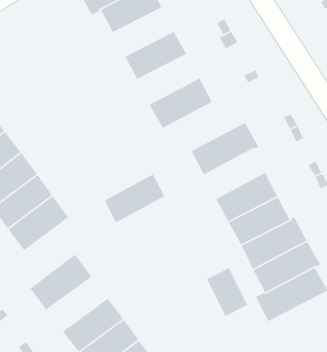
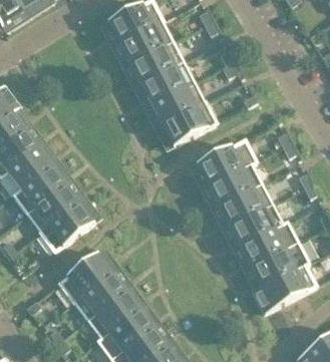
building: none -> [129,41,183,83]
building: none -> [150,81,205,124]
building: [104,173,166,223] -> [208,162,261,206]
building: [206,267,248,317] -> none
building: none -> [72,273,125,320]

